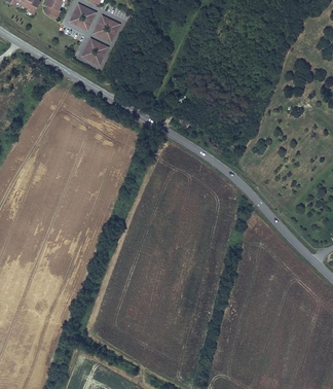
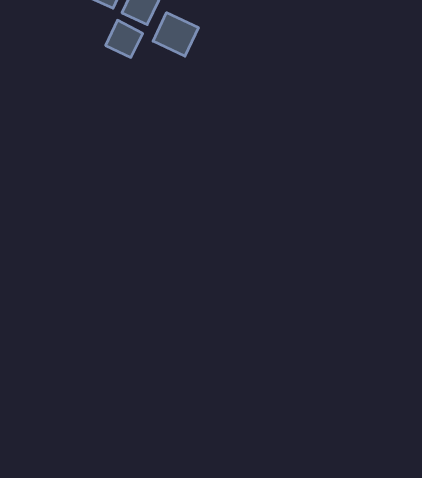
building: none -> [153,13,198,56]

